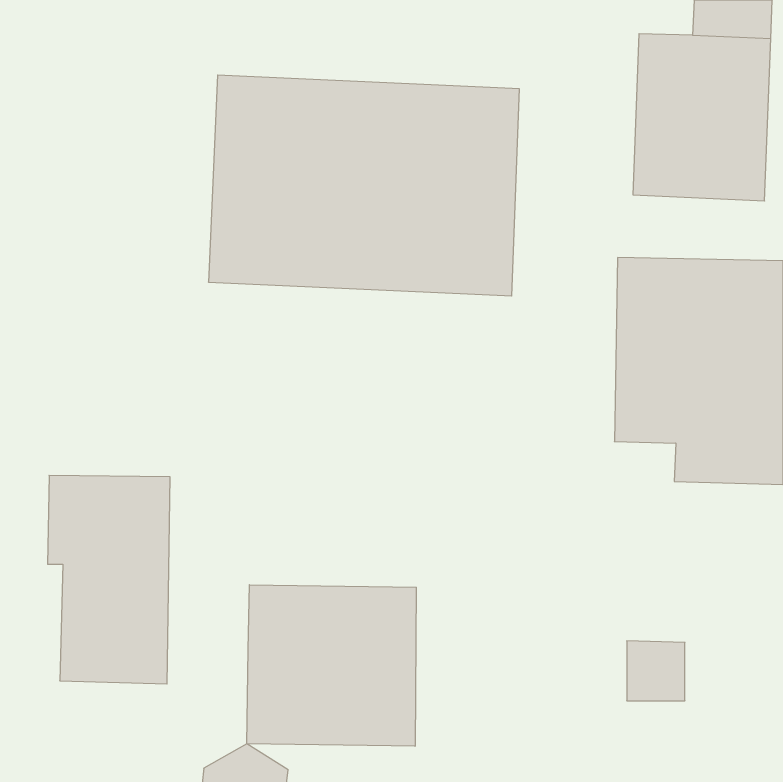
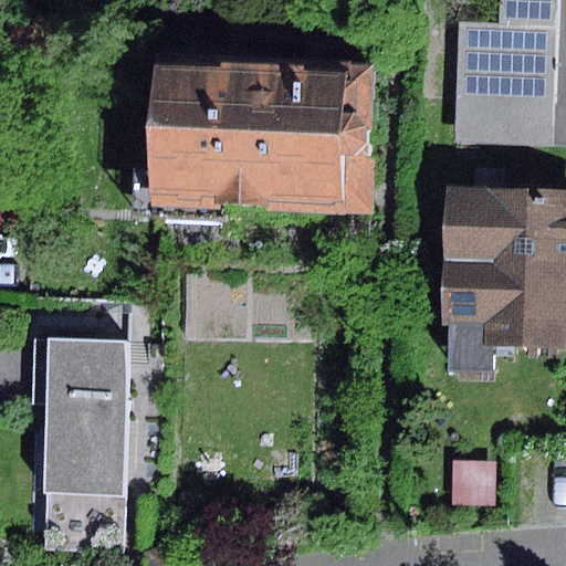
building: [247,585,416,746] -> none
building: none -> [42,492,120,554]

